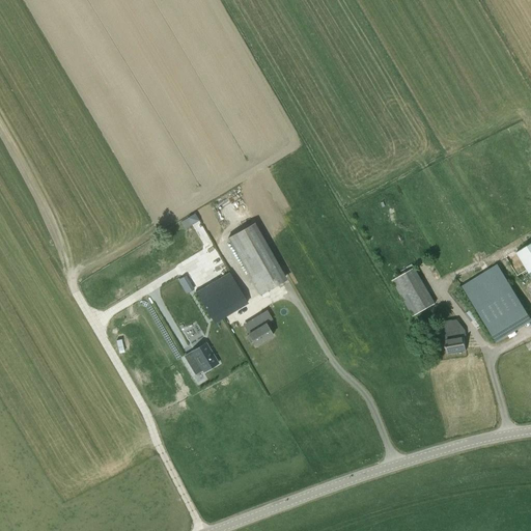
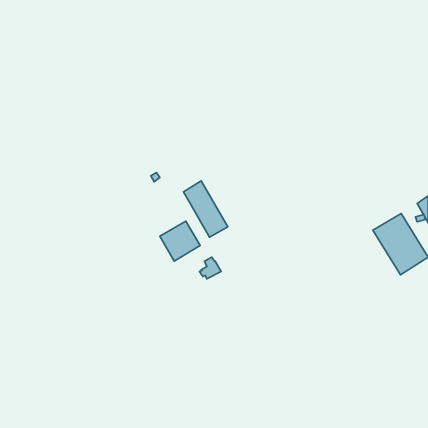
building: [391,267,435,316] -> none
building: [444,331,466,354] -> none
building: [192,342,218,371] -> none

